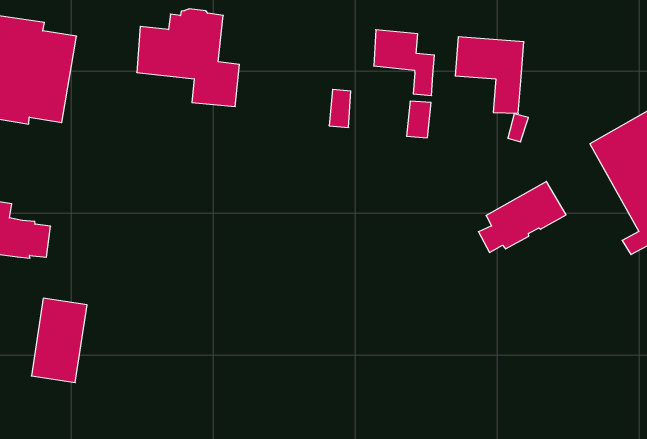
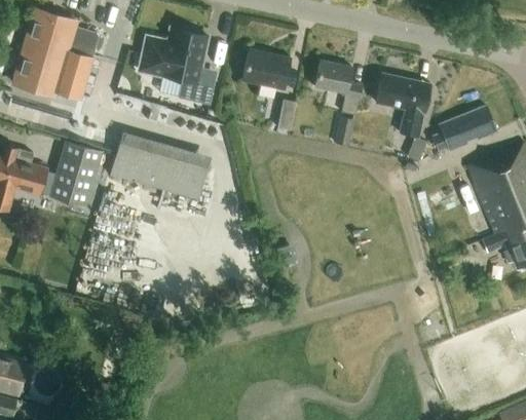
building: none -> [240,49,290,89]
building: none -> [110,131,211,200]
building: [478,181,566,252] -> [430,105,497,152]
building: [31,298,87,383] -> [53,142,102,207]

